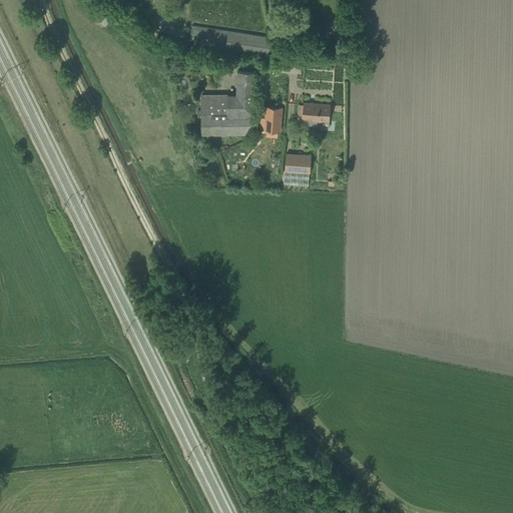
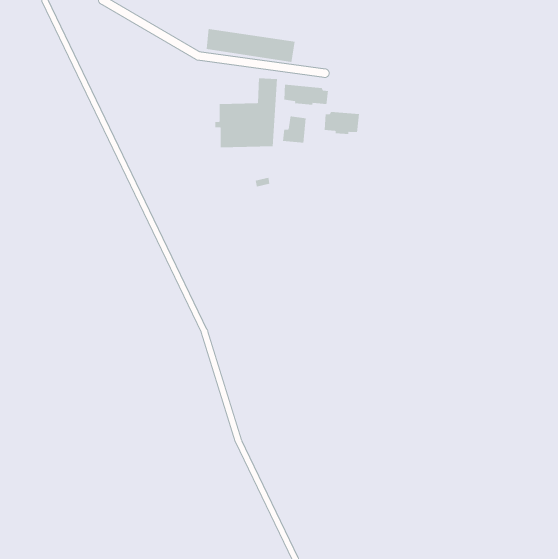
building: none -> [284,84,329,106]
building: [284,154,310,173] -> none

